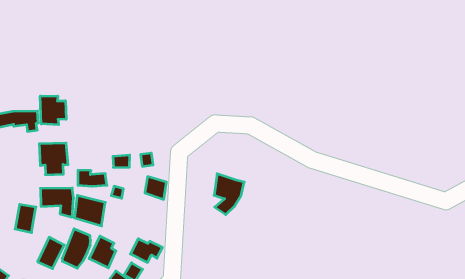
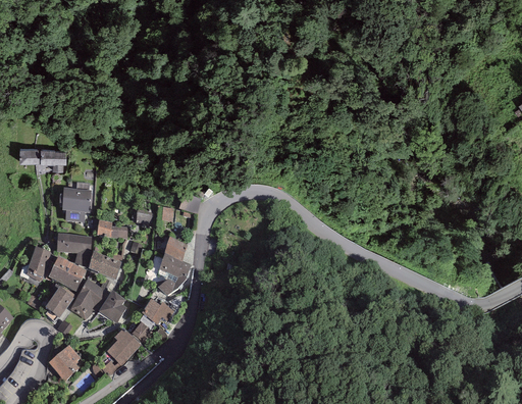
building: [40,96,66,125] -> none
building: [214,174,244,215] -> [157,252,191,295]
building: none -> [48,255,86,290]

